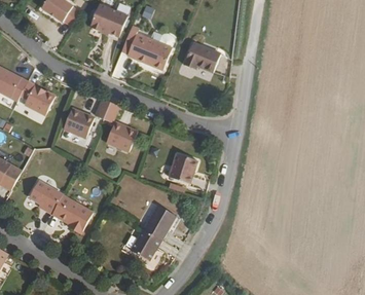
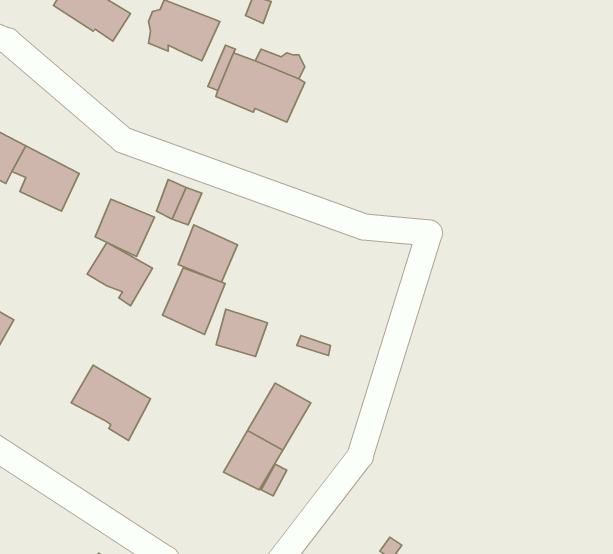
building: [183,43,220,72] -> none
building: none -> [163,268,225,335]
building: [169,159,195,184] -> [216,309,268,357]
building: [28,182,62,215] -> [87,242,152,306]

